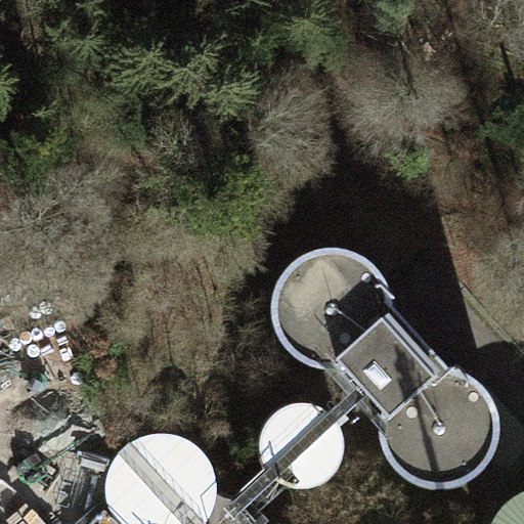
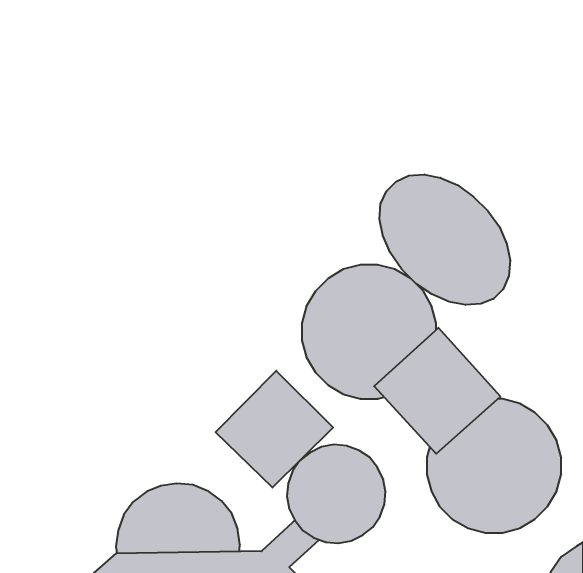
building: none -> [379,174,510,305]
building: none -> [216,371,333,488]

